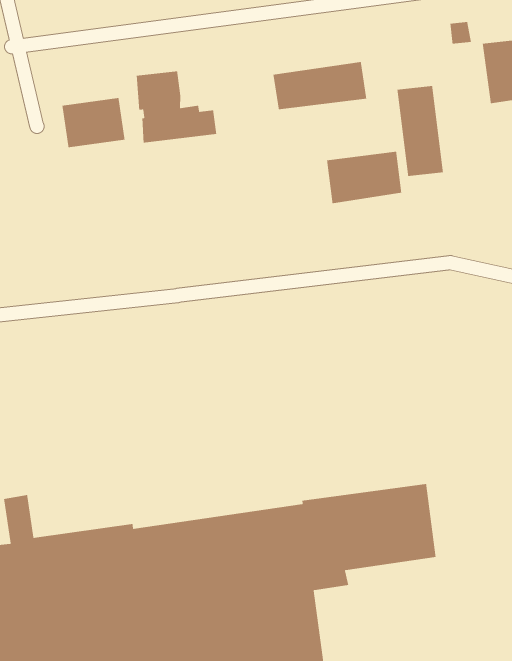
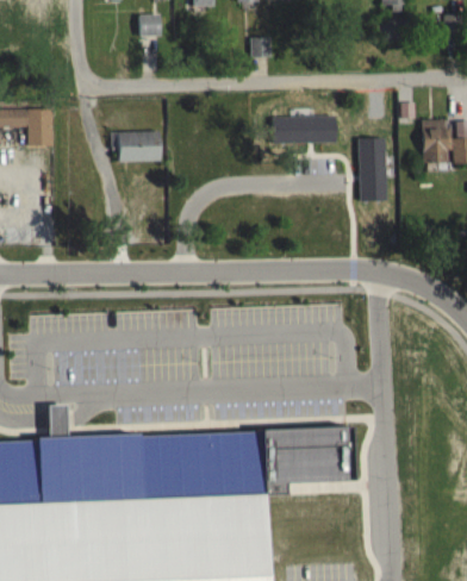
building: [136,71,217,143] -> none
building: [326,151,402,204] -> none

